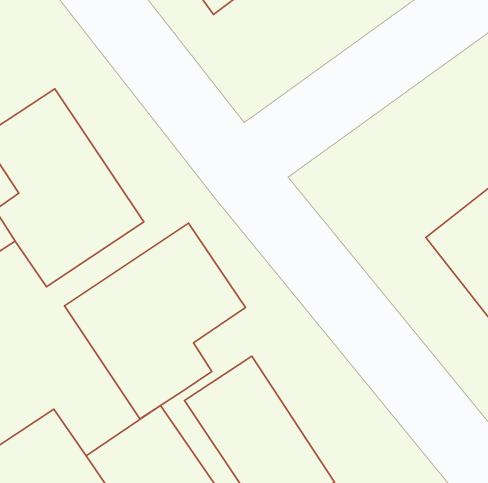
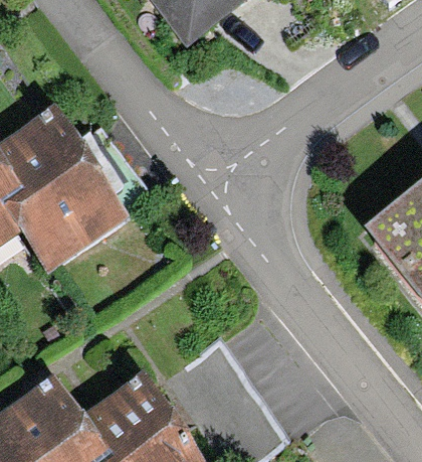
building: [64,223,245,419] -> none

